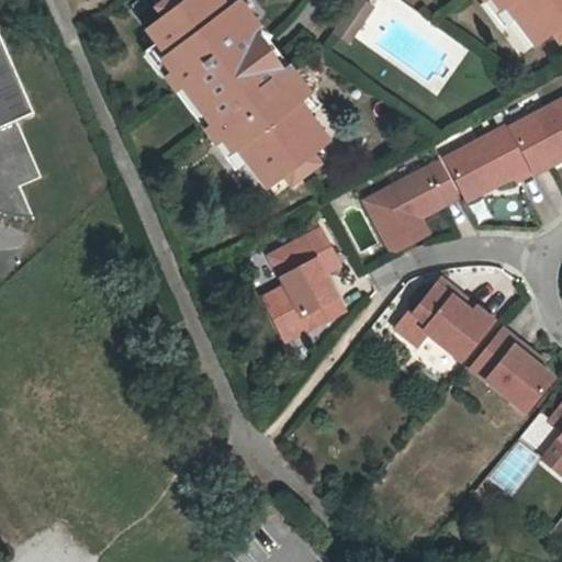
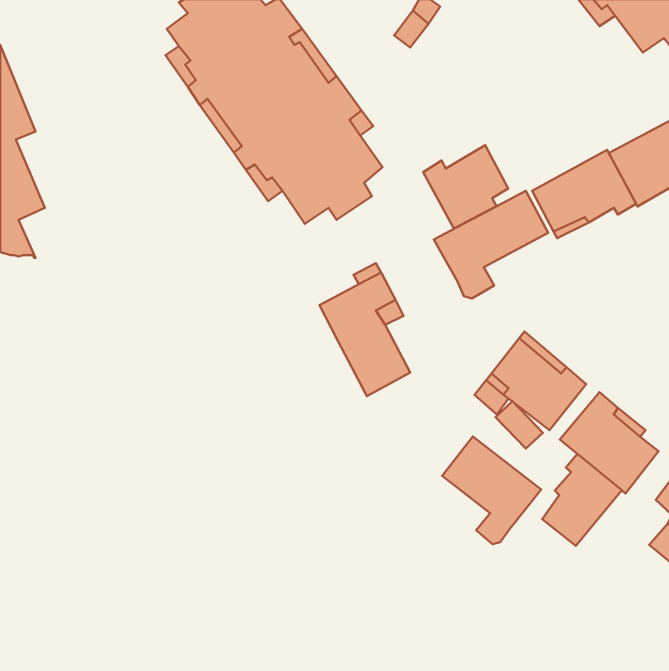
building: none -> [423,145,508,229]
building: [262,284,307,339] -> none
building: none -> [442,437,541,544]
building: none -> [542,454,622,546]

